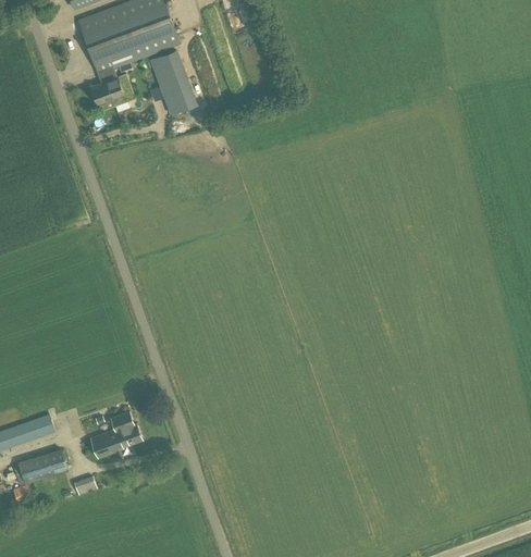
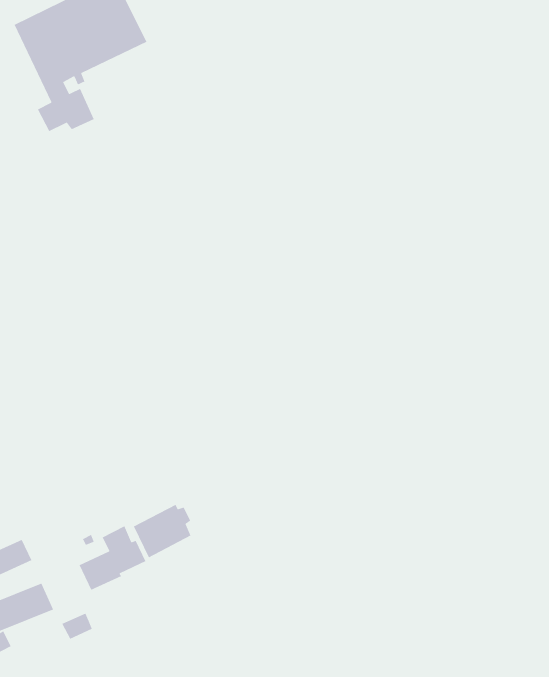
building: [148,48,197,114] -> none
building: none -> [133,504,191,558]

